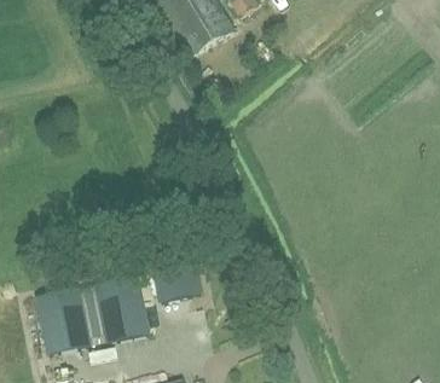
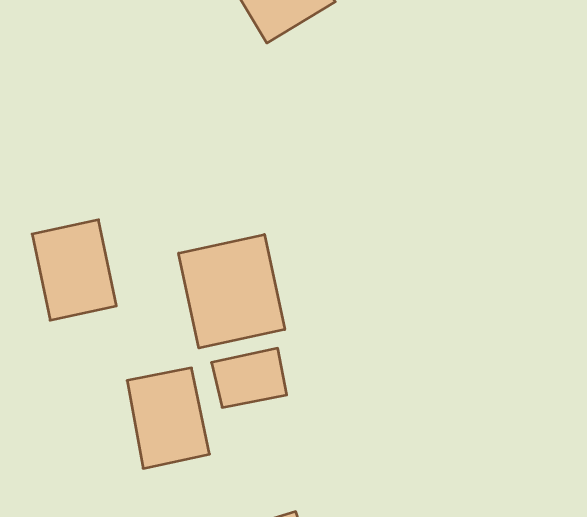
building: none -> [179,234,285,348]
building: [34,286,91,354] -> [32,220,116,320]

